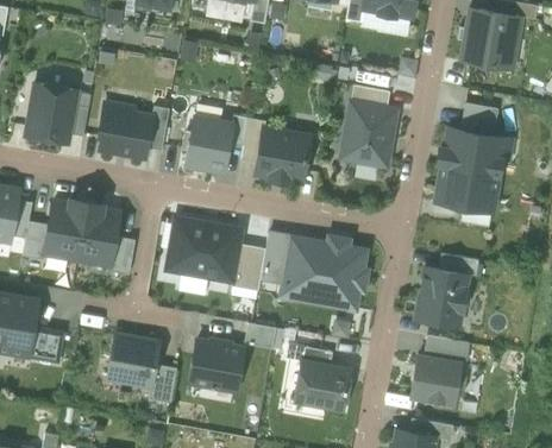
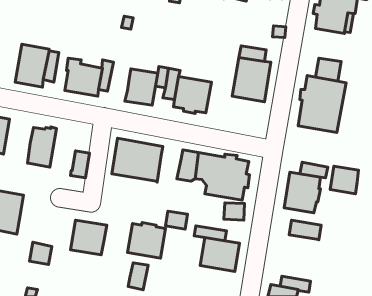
building: [77,204,119,265] -> none
building: [23,222,49,261] -> none
building: [230,244,266,291] -> none
building: none -> [330,166,359,194]
building: [30,329,62,361] -> [29,242,52,265]
building: [410,356,466,404] -> none
building: [149,365,177,404] -> [128,263,148,290]

